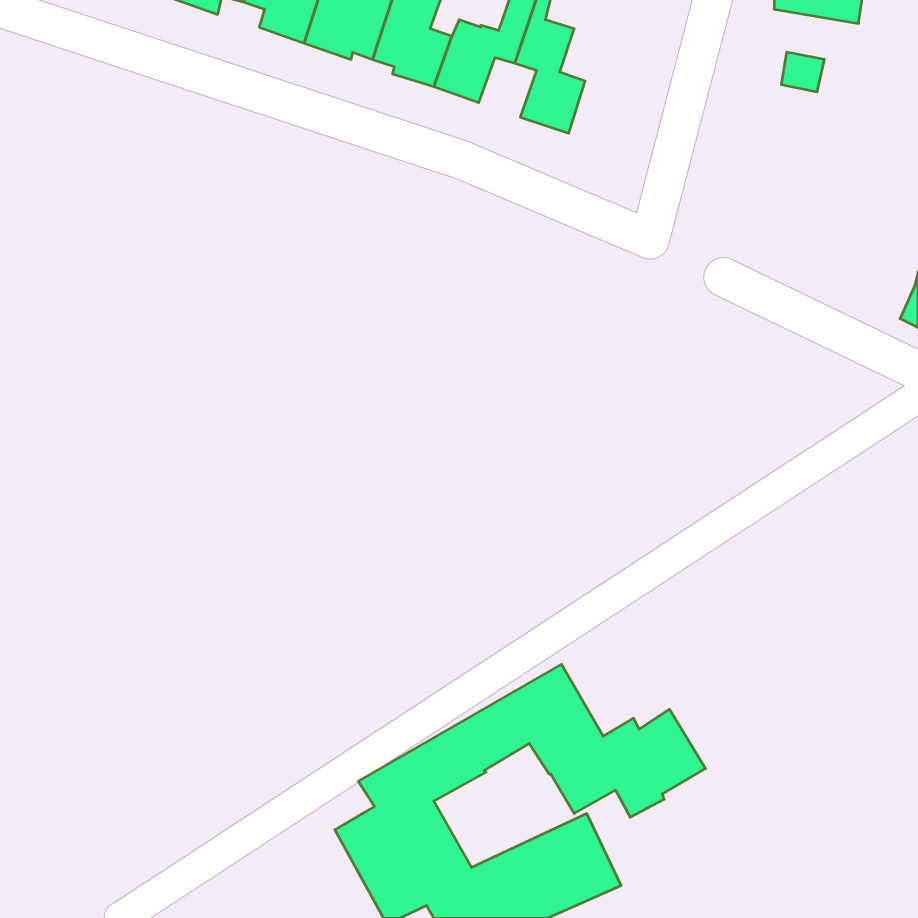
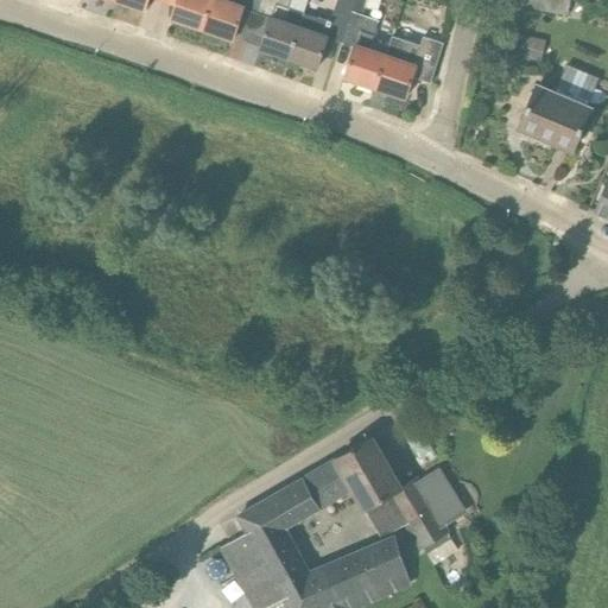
building: none -> [375,36,443,97]
building: none -> [518,64,597,150]

